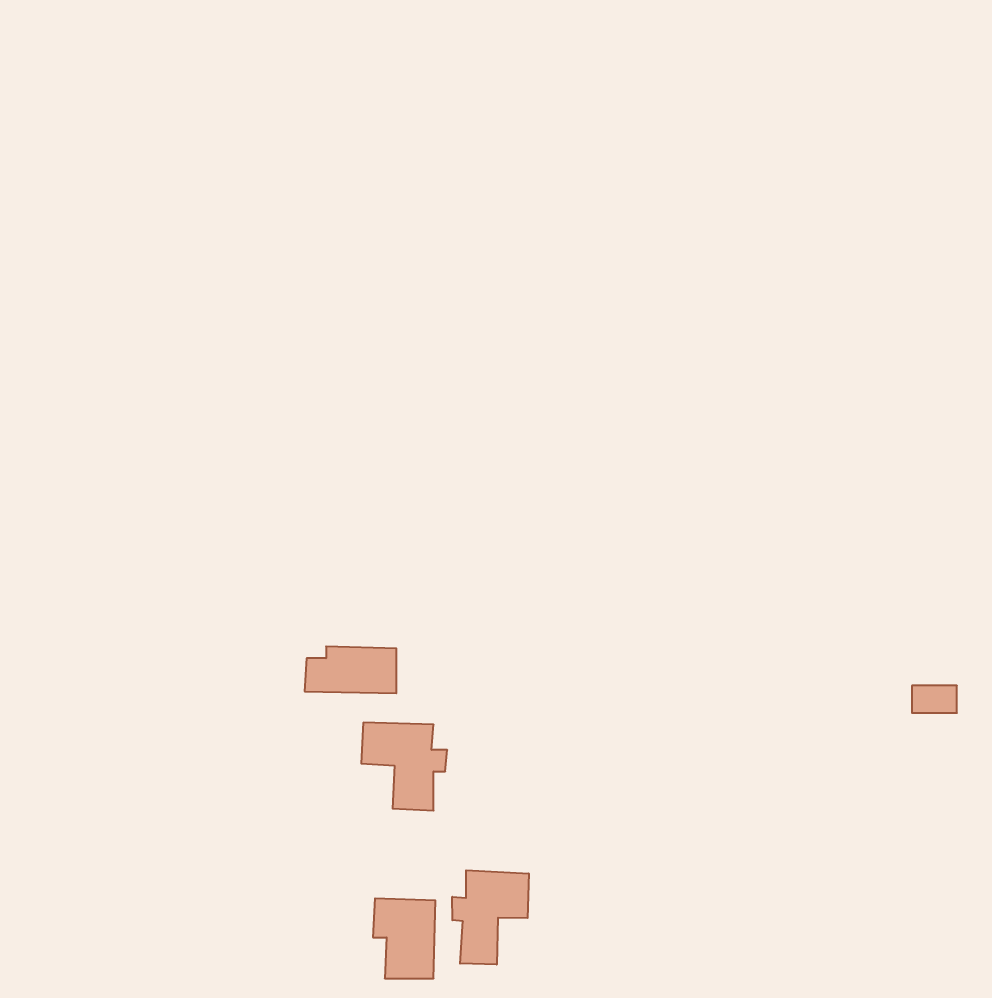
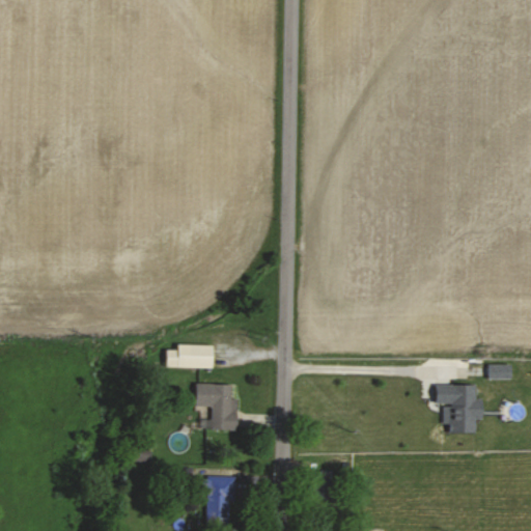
building: none -> [435,385,481,432]
building: [452,870,529,965] -> none

